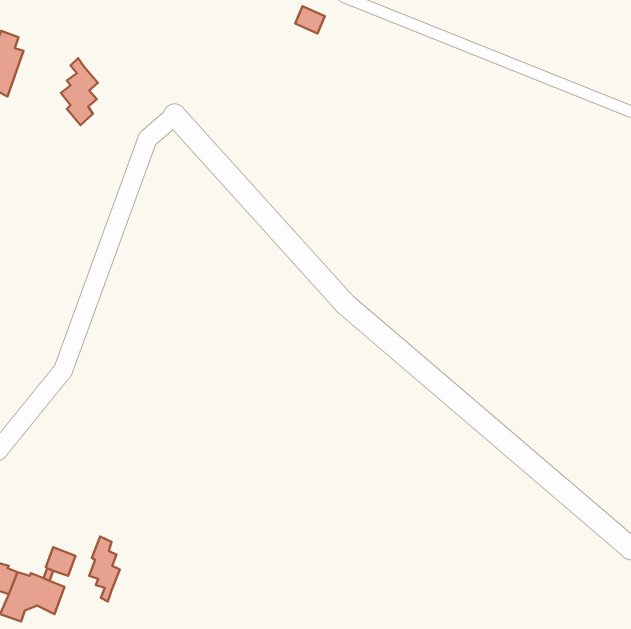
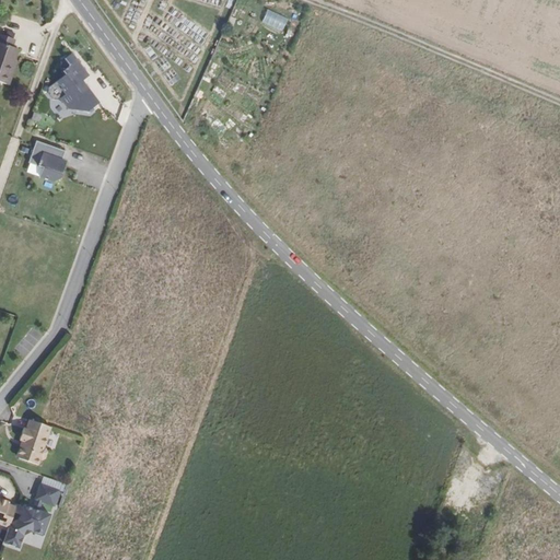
building: none -> [26,138,63,180]
building: none -> [15,417,51,464]
building: [89,536,120,602] -> none

